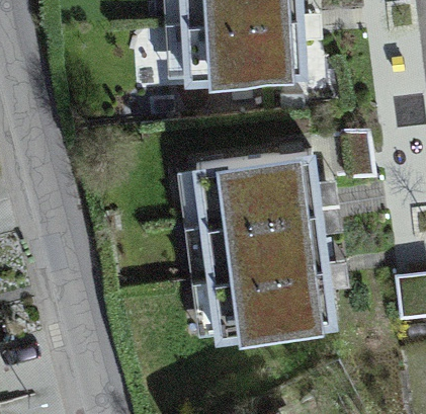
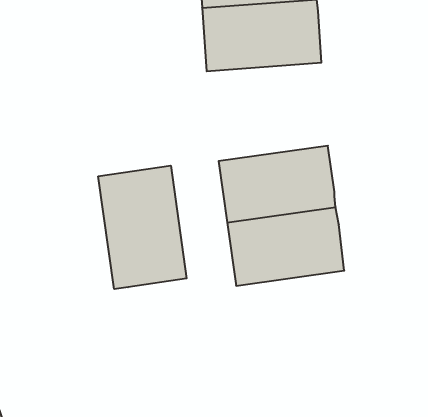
building: none -> [98,166,187,289]
building: [222,275,330,346] -> none

